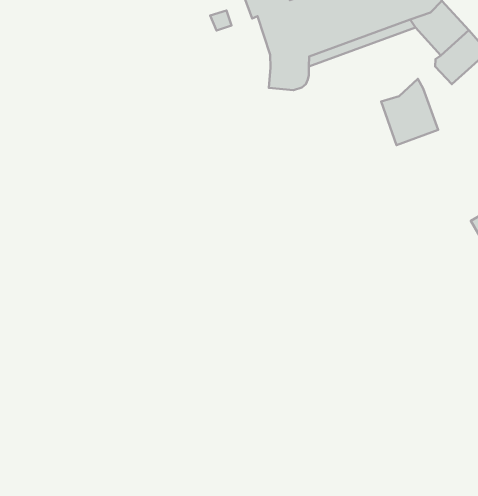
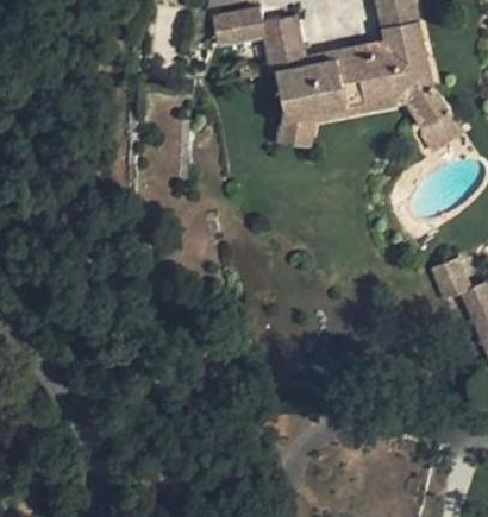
building: [381,79,438,145] -> none

